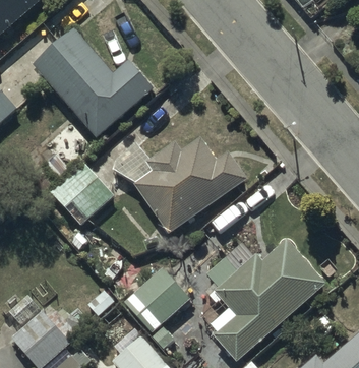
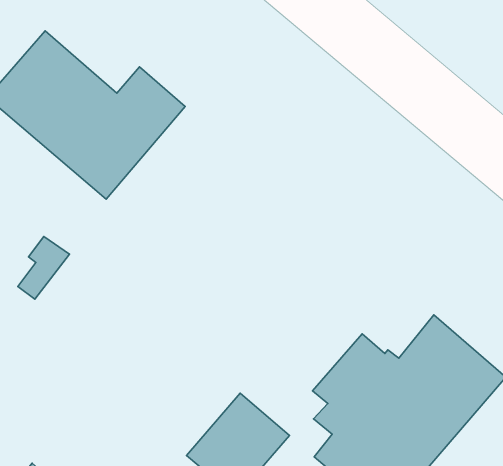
building: [112,137,248,231] -> none
building: [50,163,113,226] -> none

